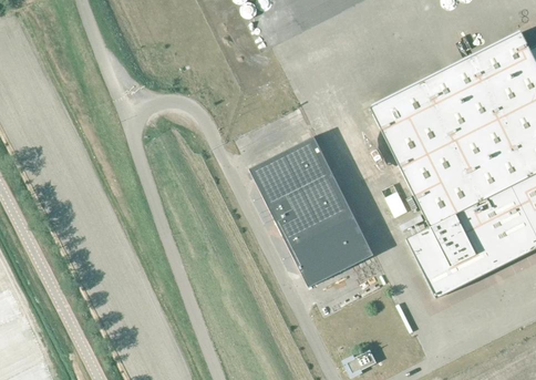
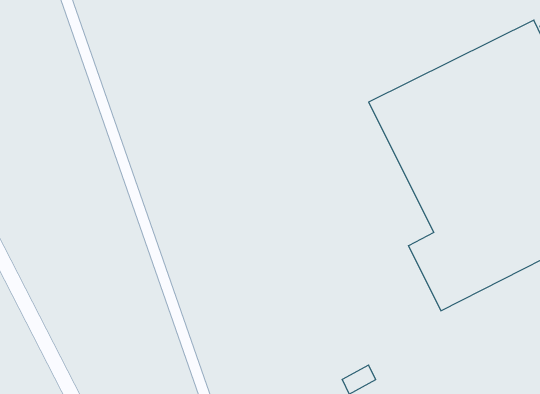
building: [249,135,374,287] -> none

